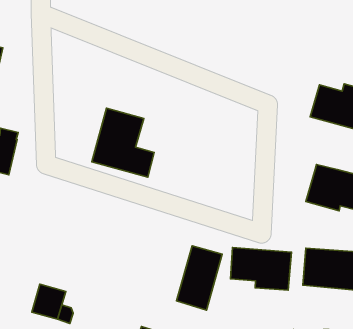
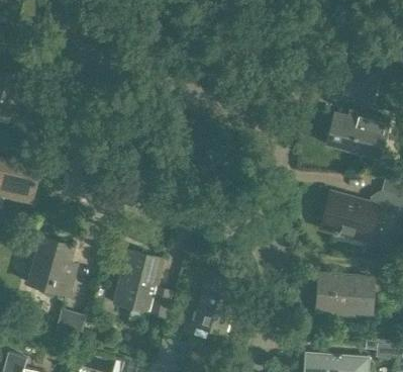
building: [92,108,154,177] -> [111,249,172,316]
building: none -> [27,236,74,294]
building: [231,247,291,290] -> none

